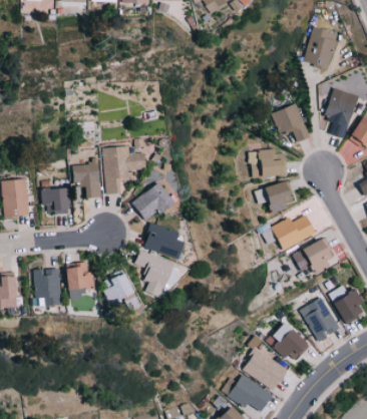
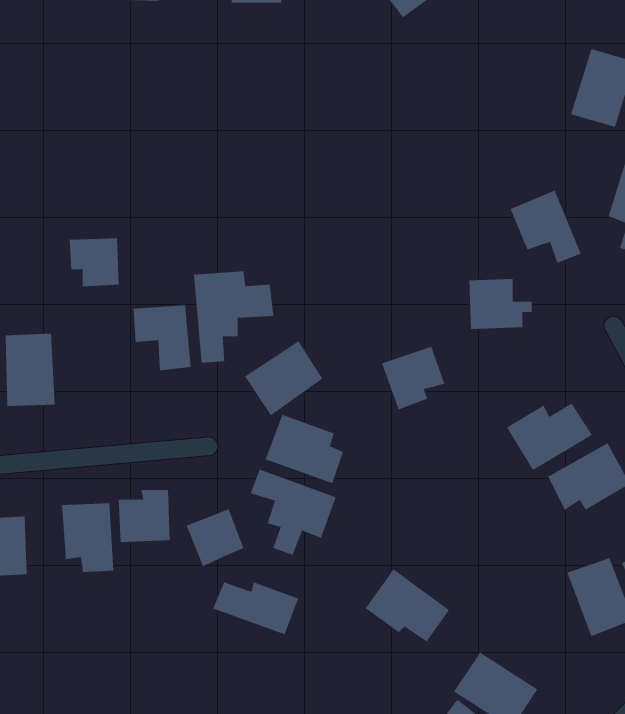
building: [262,179,296,214] -> [381,346,445,410]
building: [40,187,67,214] -> [69,238,120,287]
building: none -> [212,581,299,635]
building: [267,323,312,362] -> [365,569,450,642]

